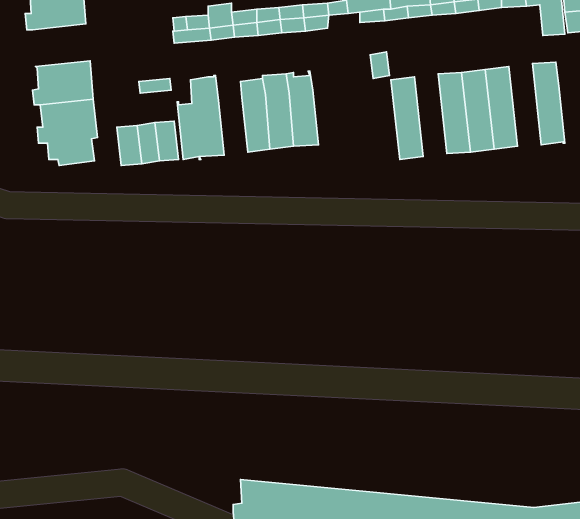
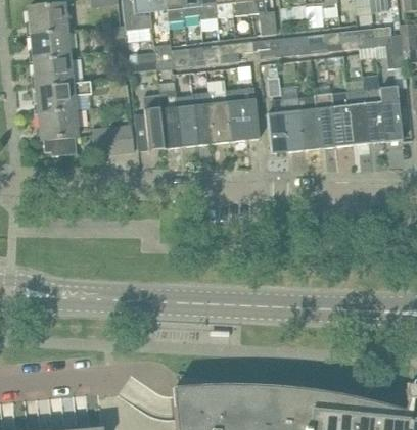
building: none -> [33,58,75,89]
building: none -> [365,86,387,143]
building: none -> [227,88,261,142]
building: none -> [161,92,184,149]
building: none -> [299,93,322,150]
building: none -> [268,97,289,155]

